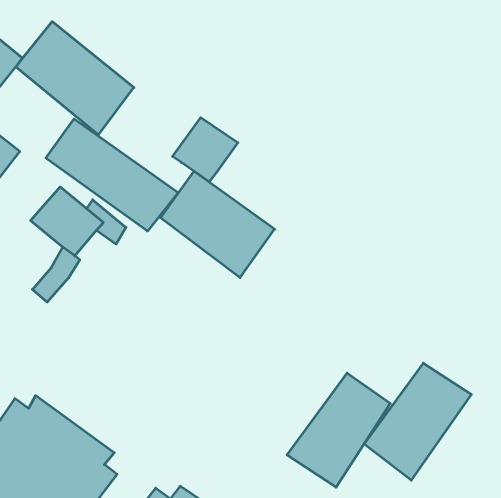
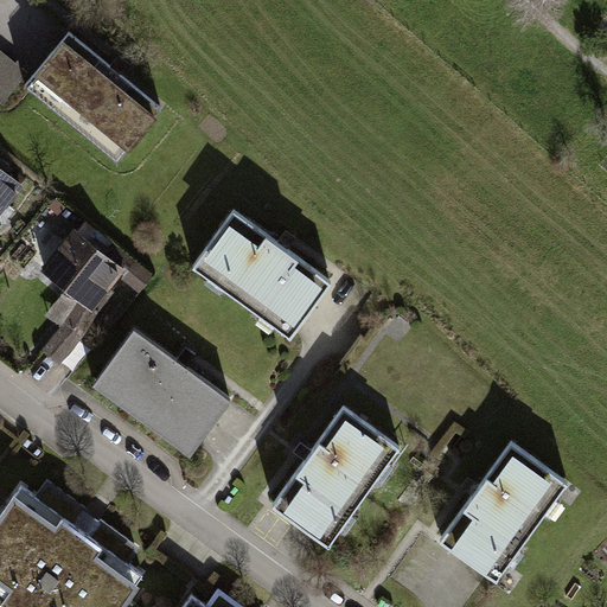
building: [173,118,238,182] -> none
building: [46,119,178,231] -> none
building: none -> [90,330,229,455]
building: [287,373,390,487] -> [269,409,394,547]

